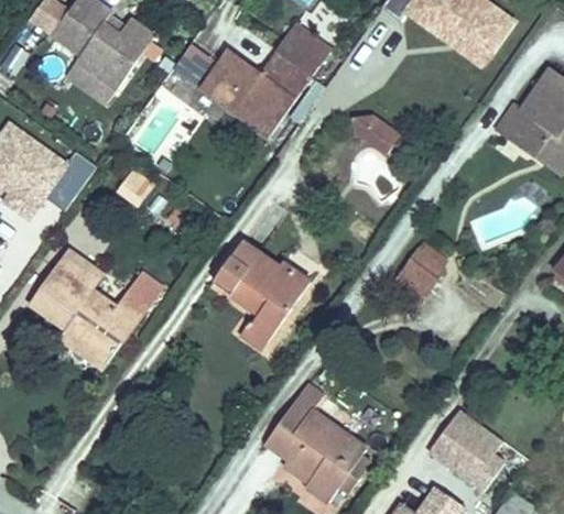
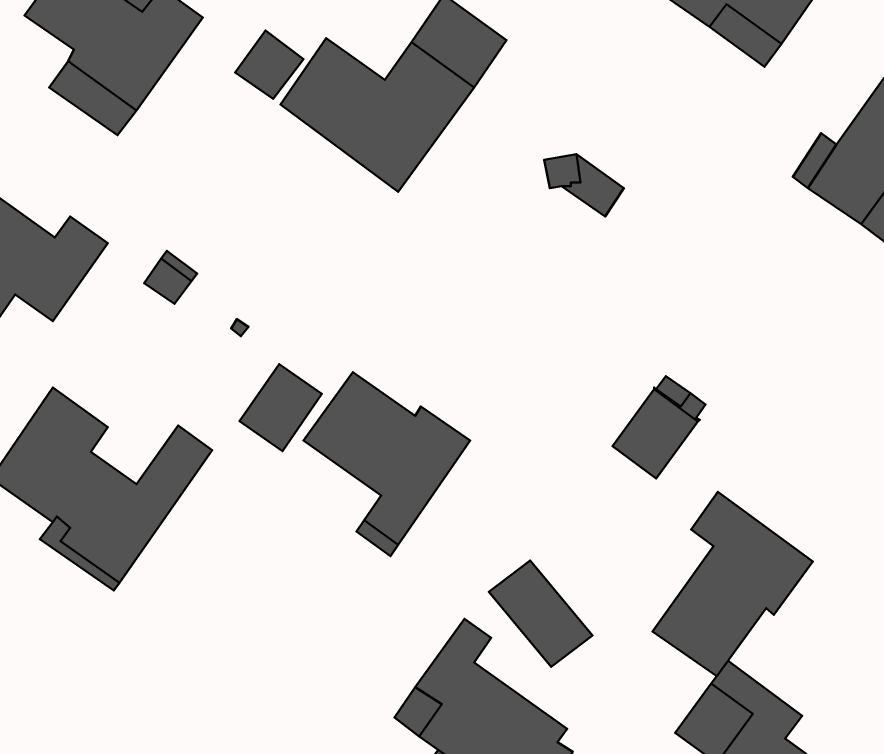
building: none -> [239,364,322,451]
building: none -> [652,492,813,676]
building: none -> [489,561,593,667]

